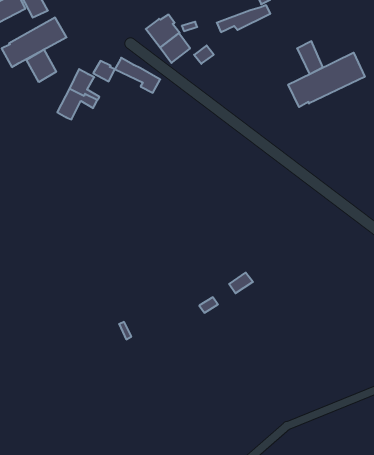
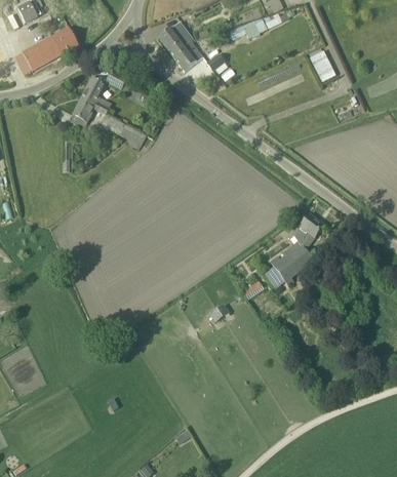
building: [27,49,56,82] -> none
building: [288,53,365,107] -> none
building: [115,58,160,93] -> [101,113,146,148]
building: none -> [266,213,324,287]

